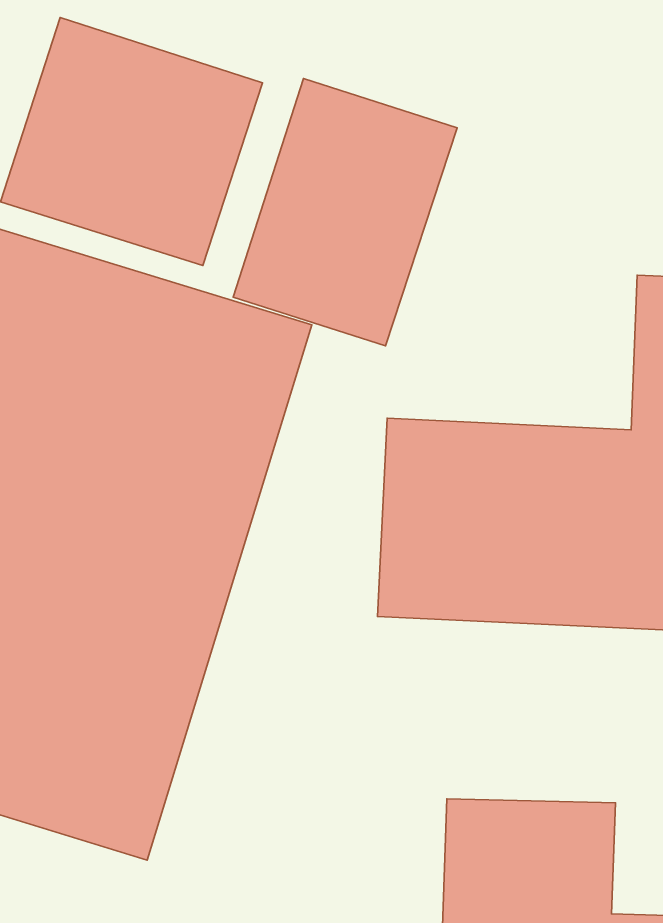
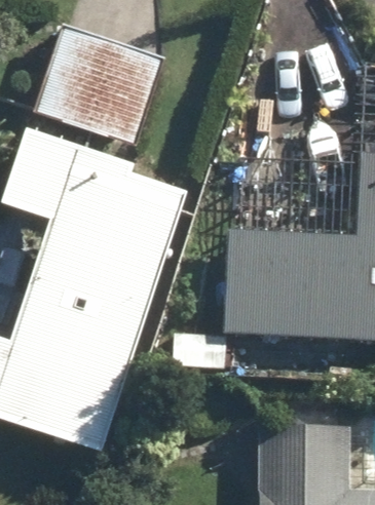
building: [233,78,457,346] -> none

